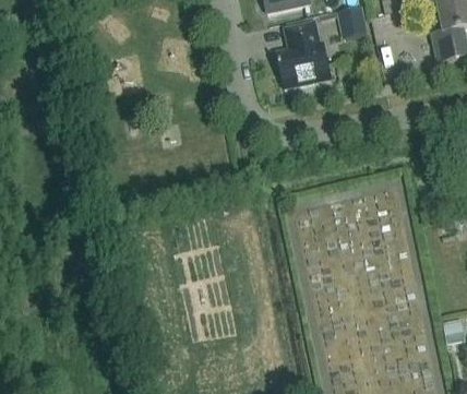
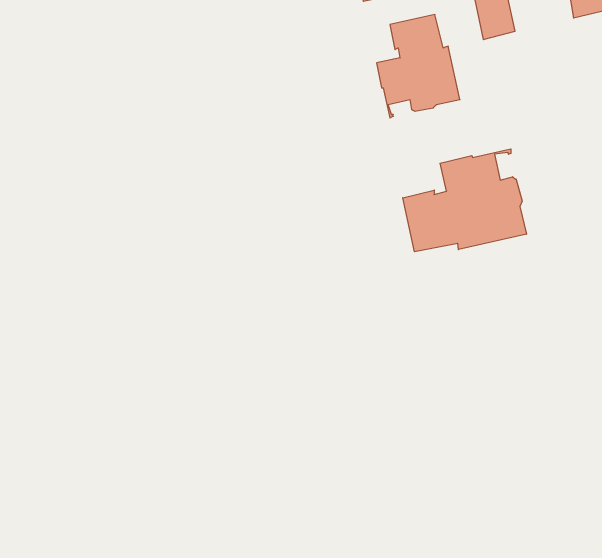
building: none -> [403,149,526,252]

